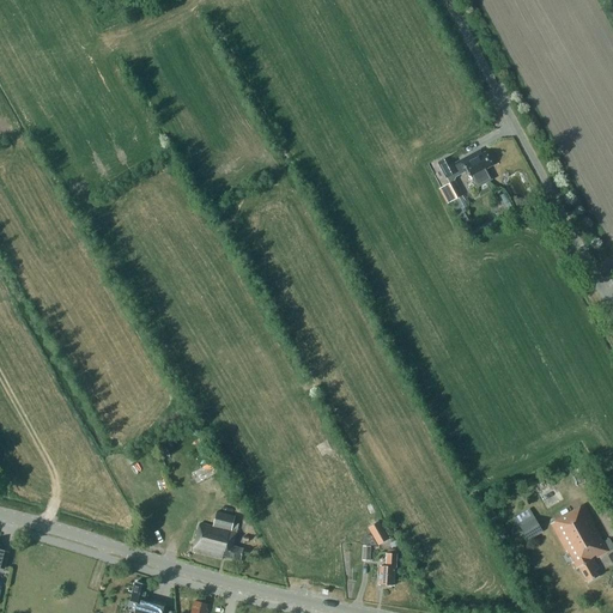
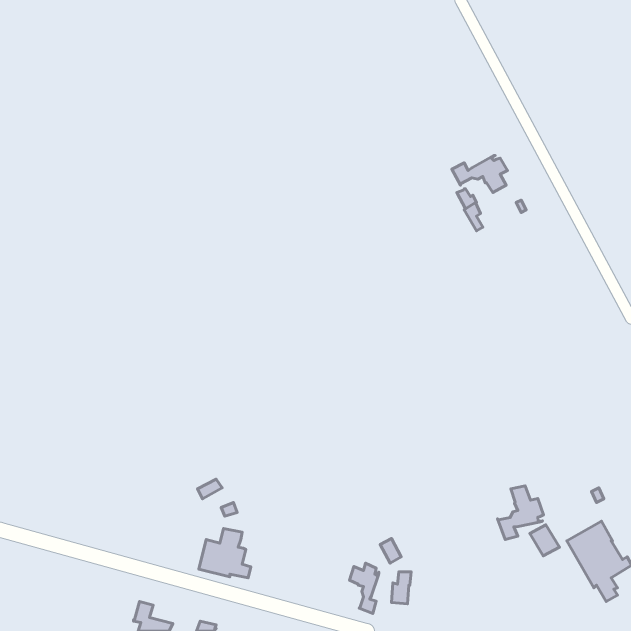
building: none -> [497,486,543,540]
building: none -> [349,563,379,613]

